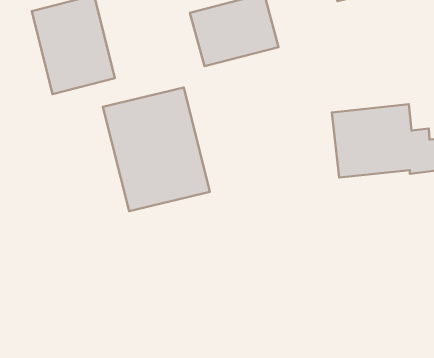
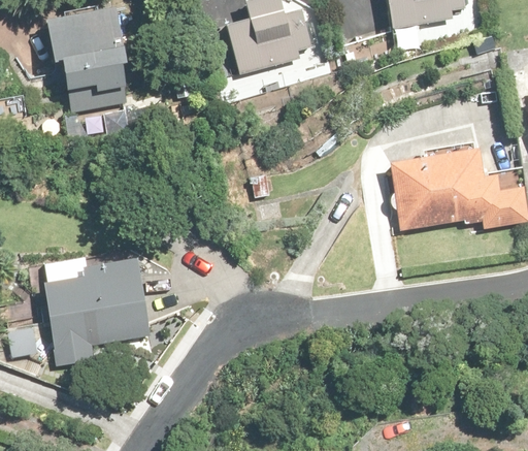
building: [103,88,210,211] -> none
building: none -> [36,265,148,356]

